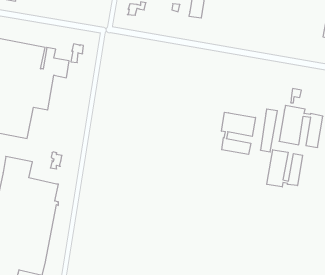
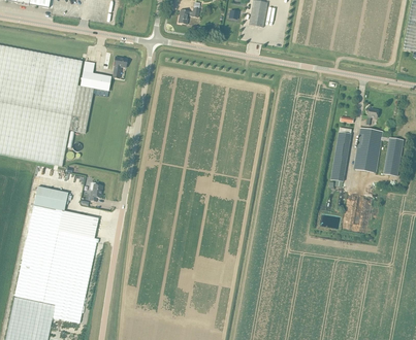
building: [222,112,255,154] -> none
building: [267,150,303,187] -> none

